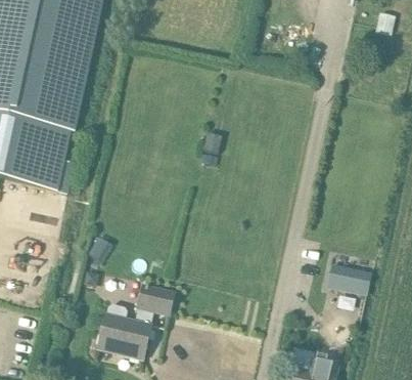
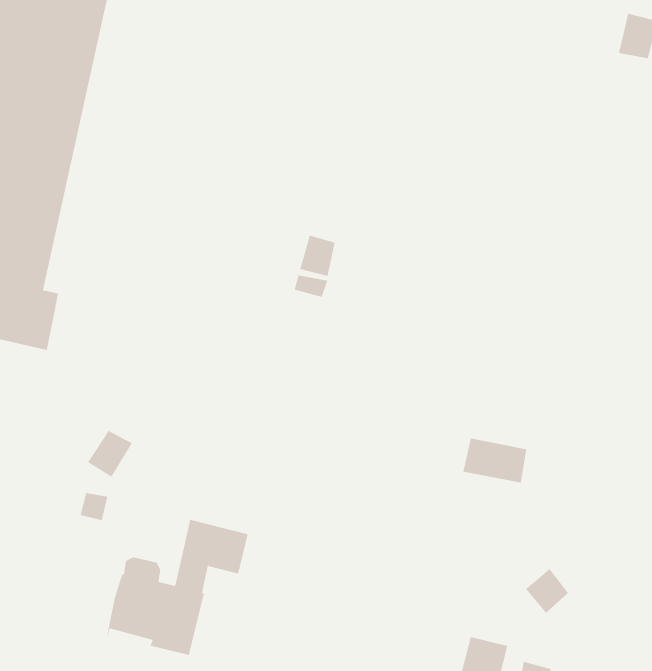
building: [328,265,363,290] -> [463,438,527,483]

